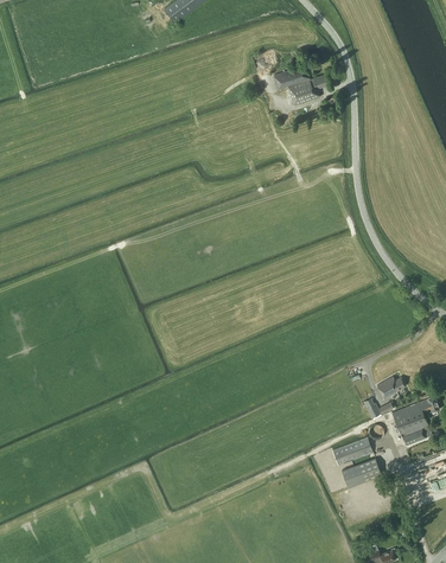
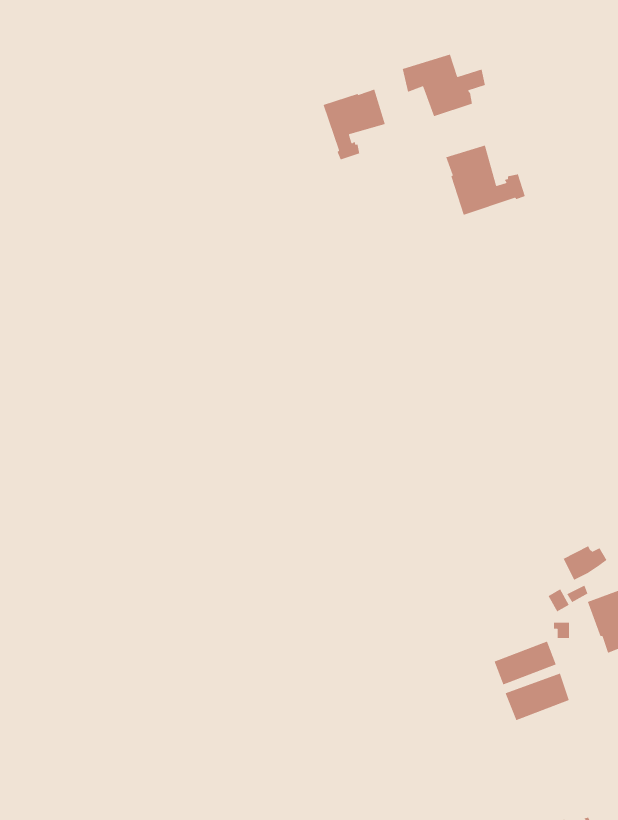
building: none -> [323,89,386,161]
building: none -> [445,145,526,216]

